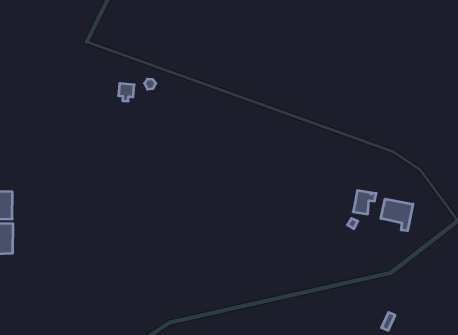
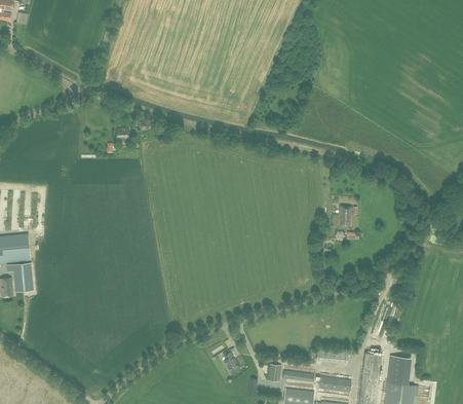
building: [381,199,413,231] -> none

